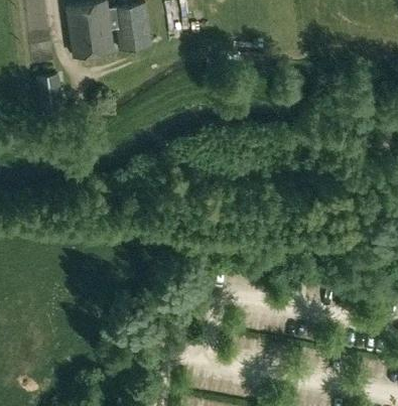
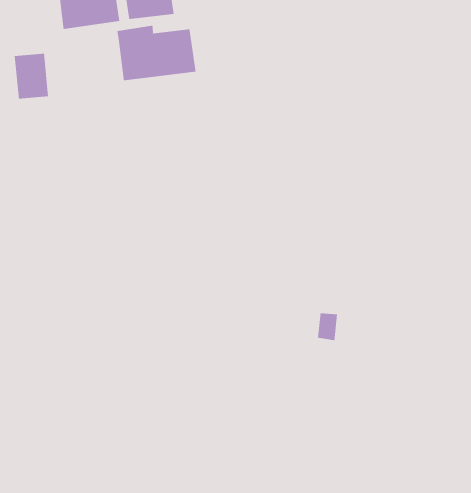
building: none -> [117,25,196,81]

